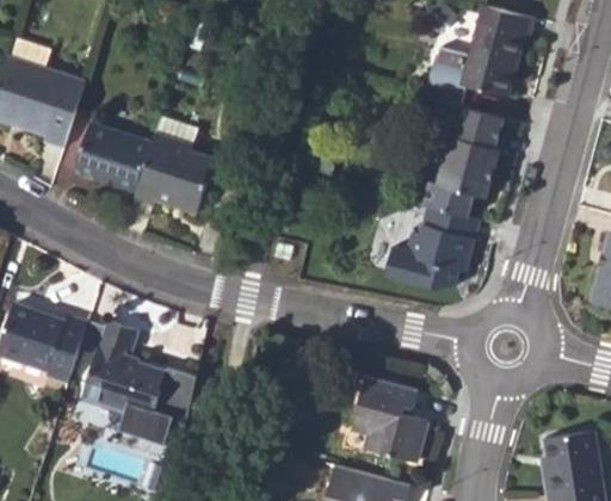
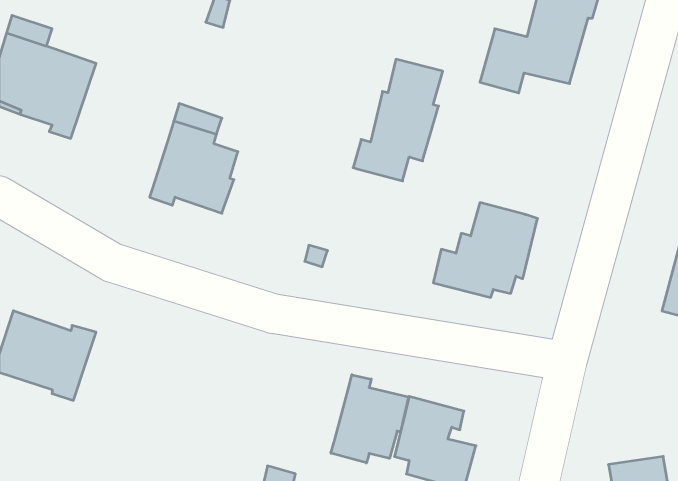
building: [425,106,505,215] -> [353,59,443,181]
building: [74,123,152,192] -> none
building: [76,317,193,444] -> none
building: none -> [331,375,409,463]

